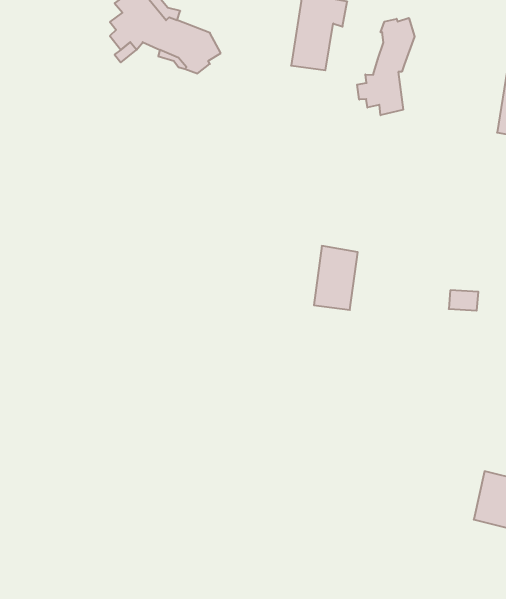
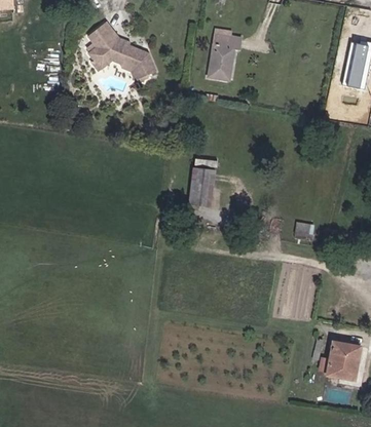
building: [357,18,415,115] -> none
building: [314,246,358,310] -> [190,170,219,212]

